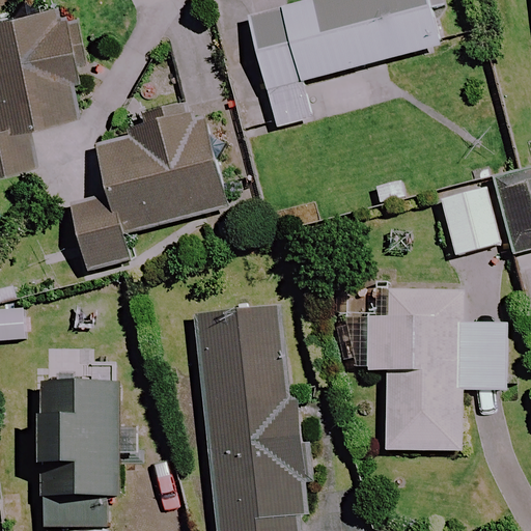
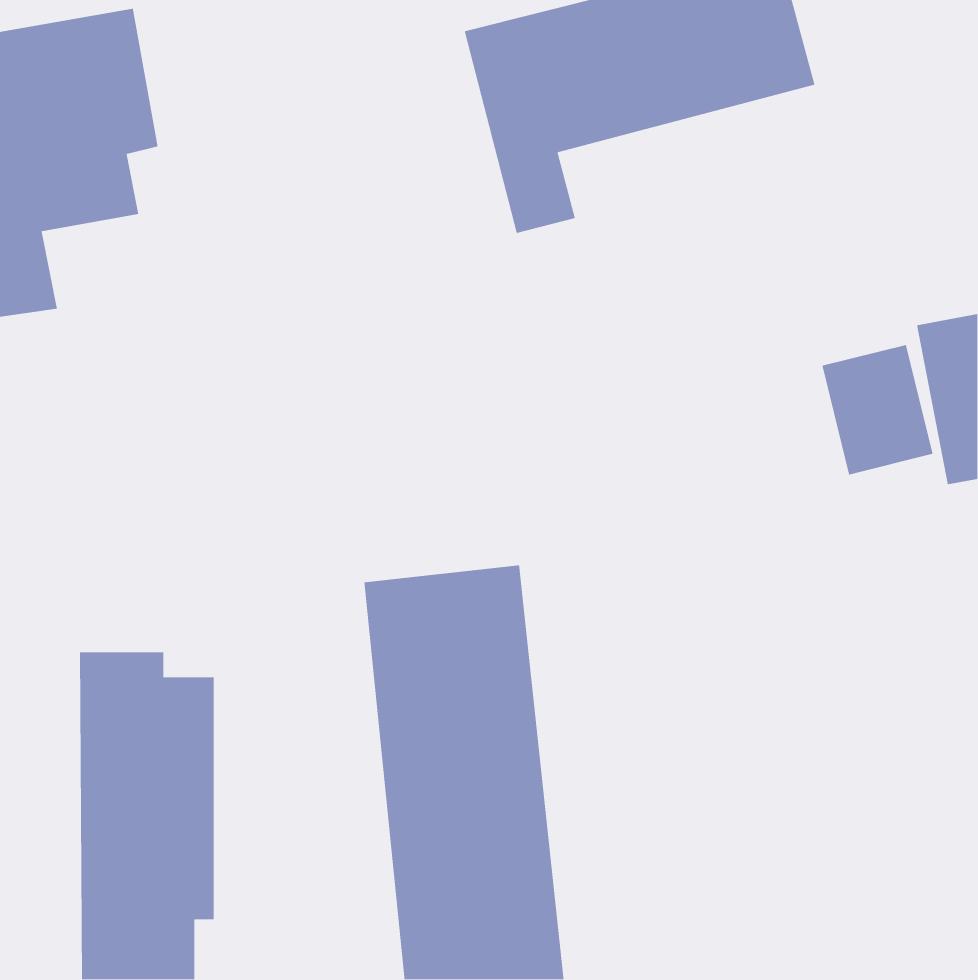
building: [71,102,231,270] -> none
building: [367,289,507,451] -> none

